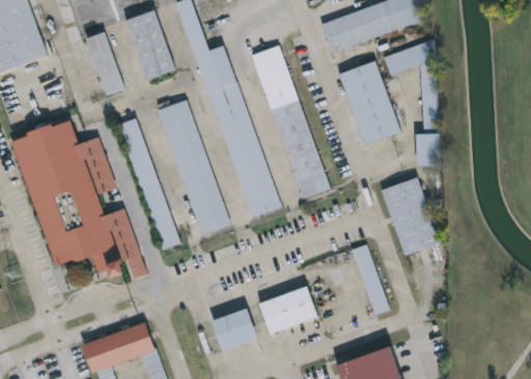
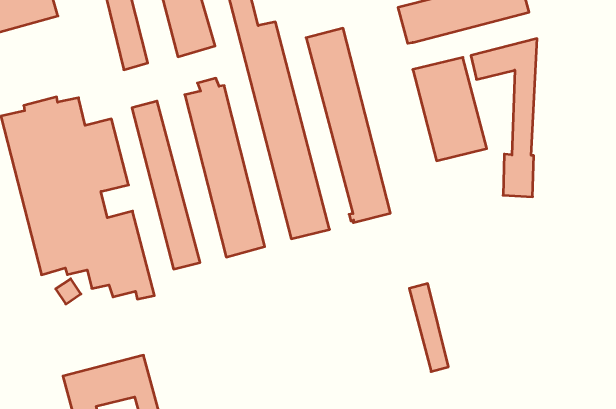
building: [380,175,442,256] -> none
building: [259,287,318,335] -> none
building: [213,308,258,350] -> none

